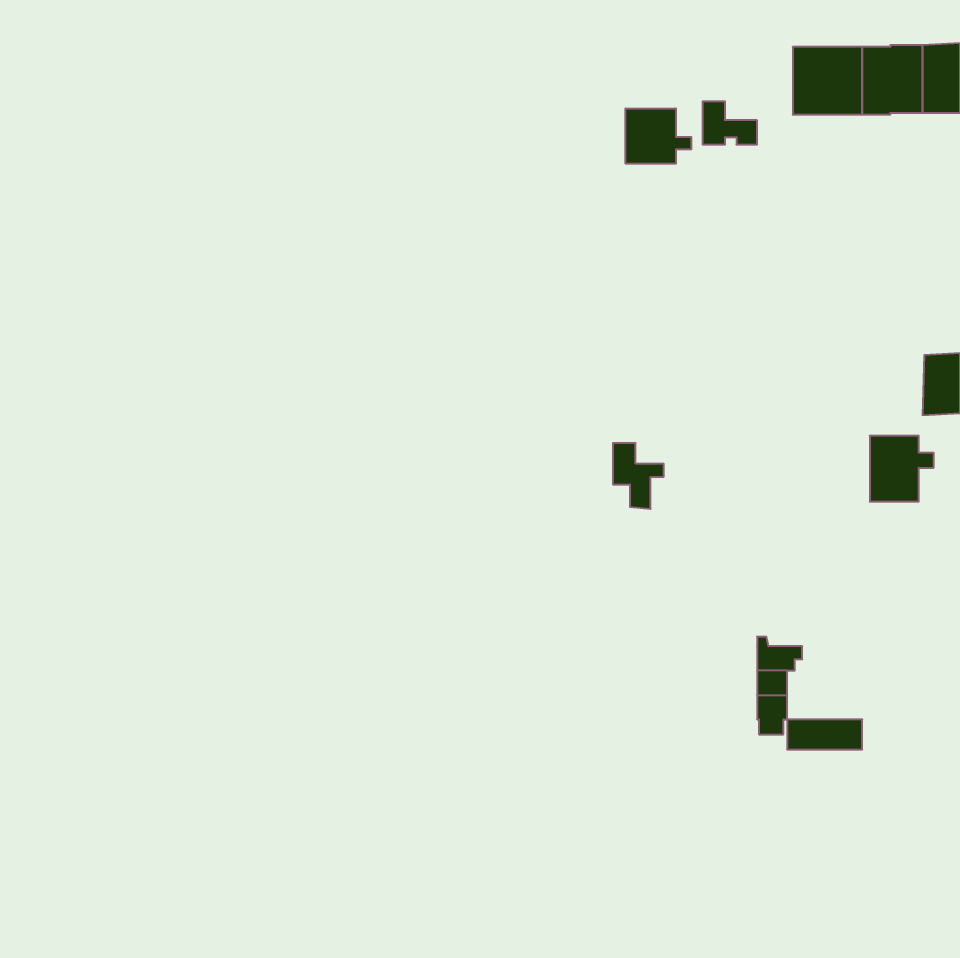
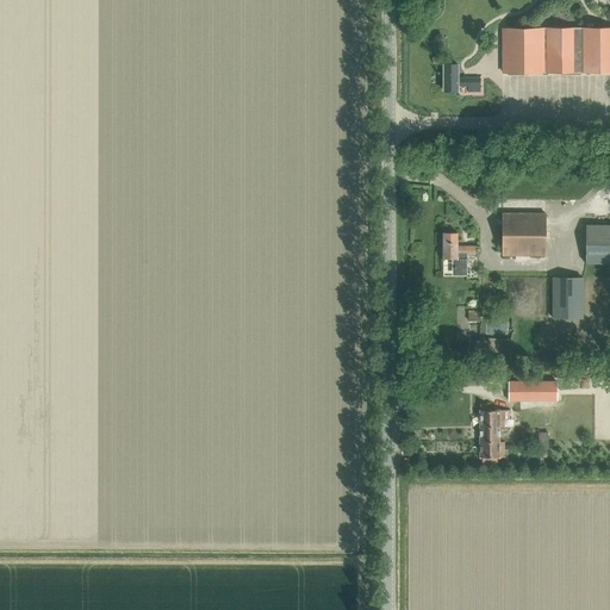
building: [626,108,691,164] -> none
building: none -> [503,212,546,255]
building: [613,443,664,509] -> [443,232,475,274]
building: [787,719,862,749] -> [509,380,556,399]

